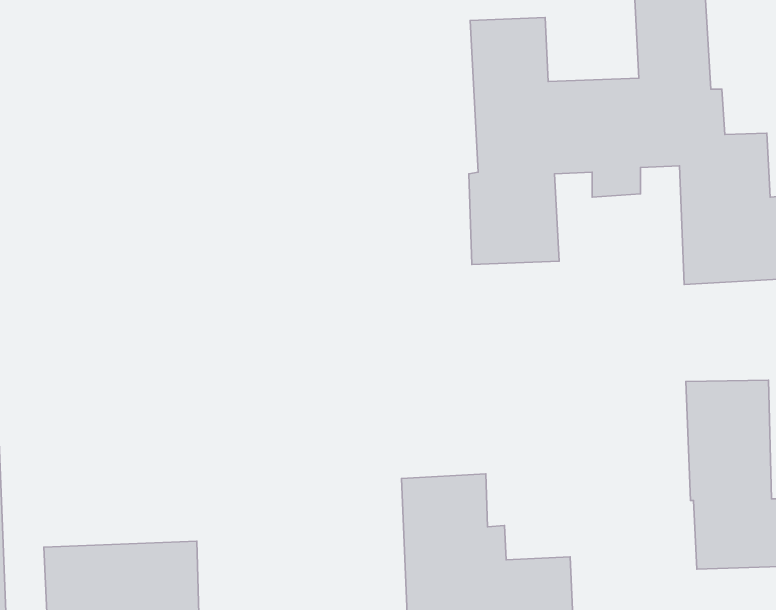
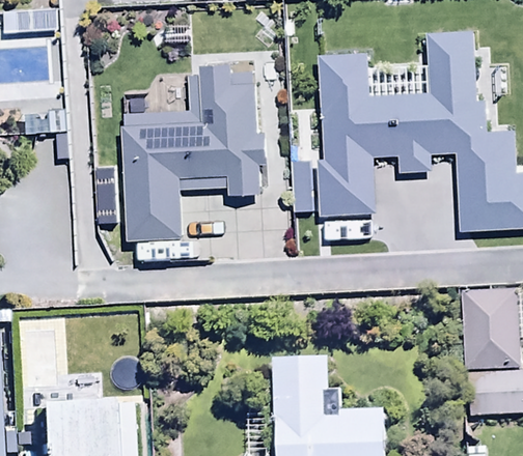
building: none -> [120,65,265,239]

